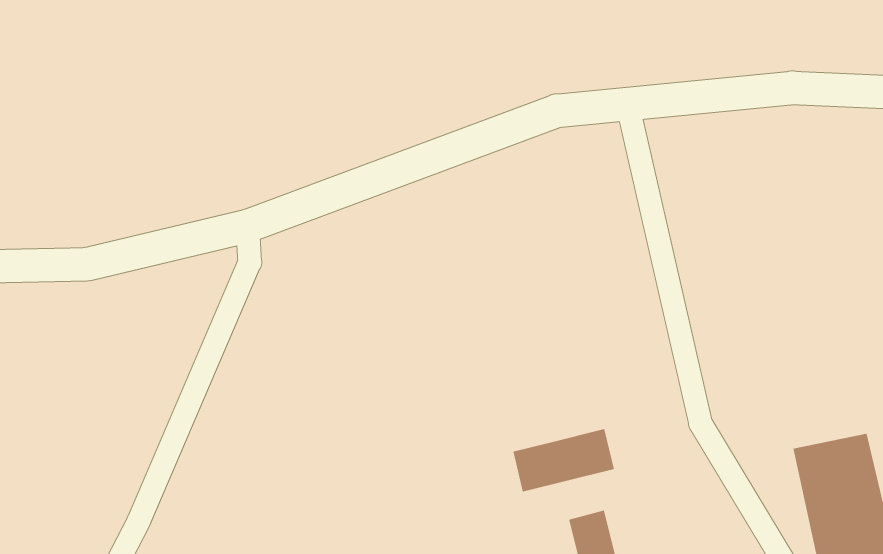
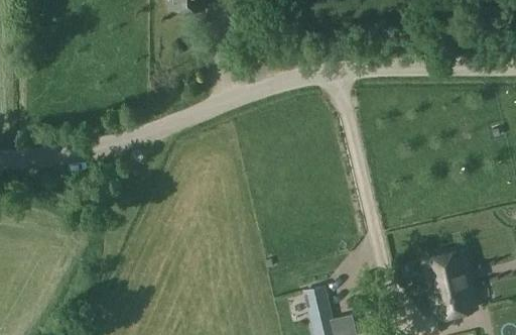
building: [512,428,615,493] -> none

